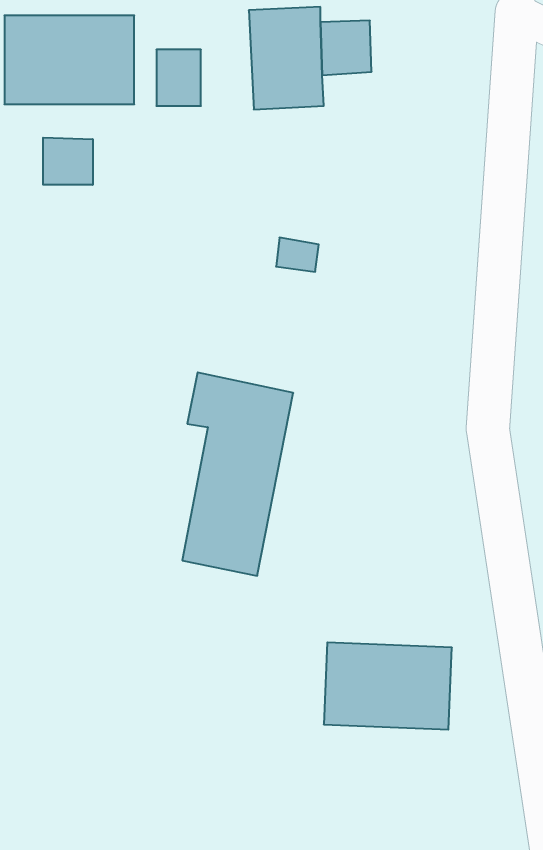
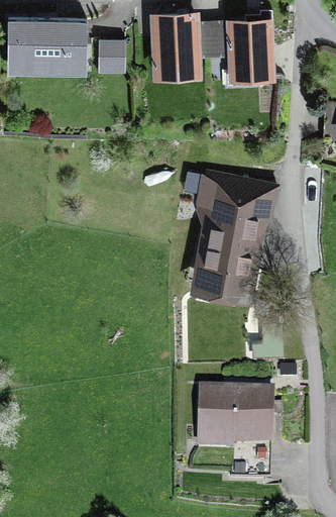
building: none -> [229,17,270,82]
building: [43,138,93,185] -> none
building: [182,372,293,576] -> [199,170,264,290]

